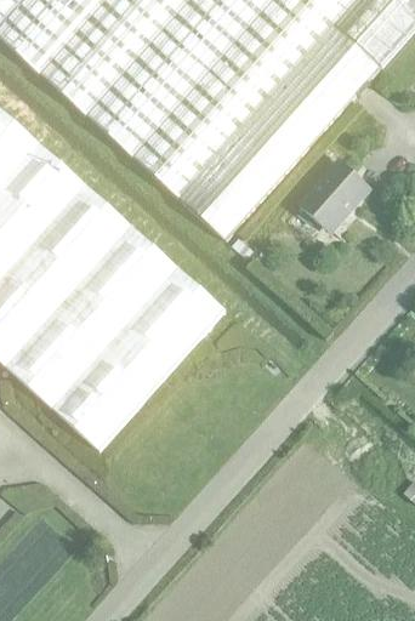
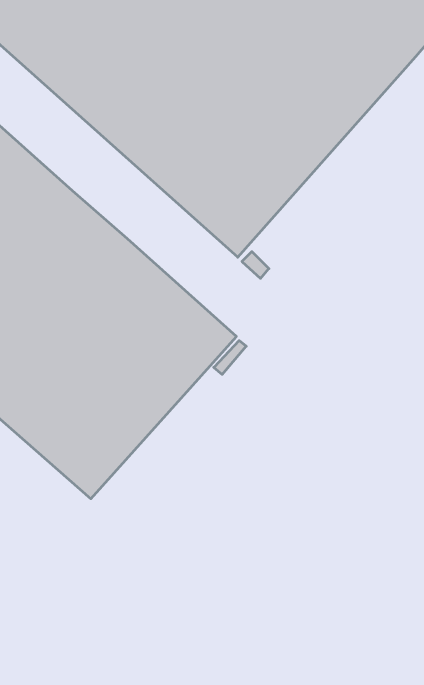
building: [302,164,368,230] -> none

